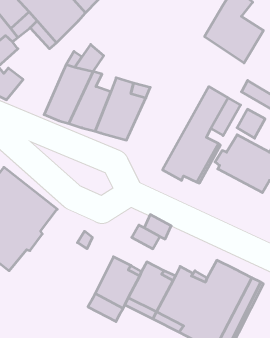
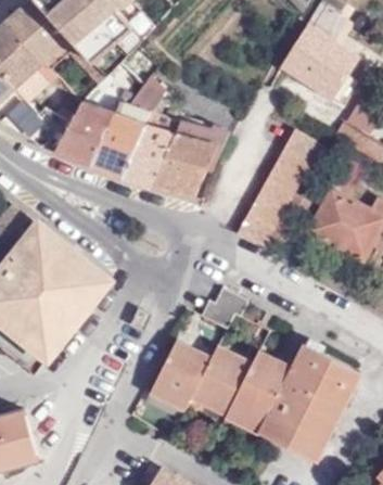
building: none -> [42,102,111,163]

